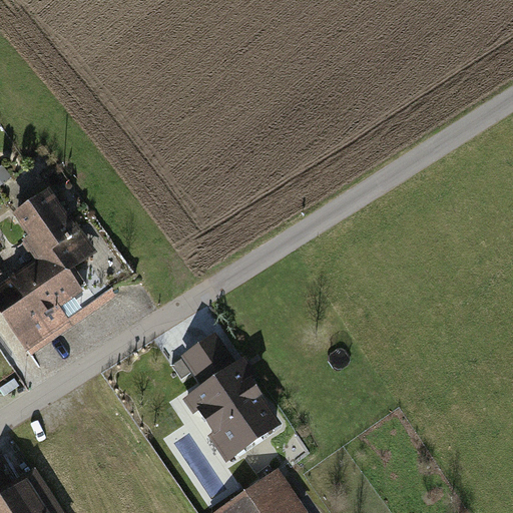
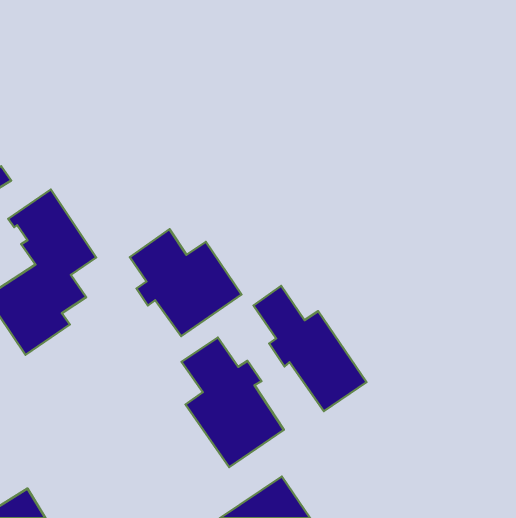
building: none -> [130,229,241,336]
building: none -> [253,286,366,411]

